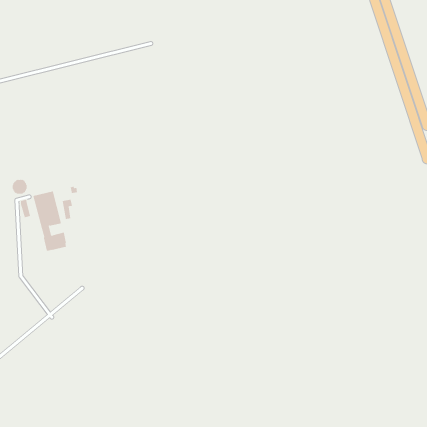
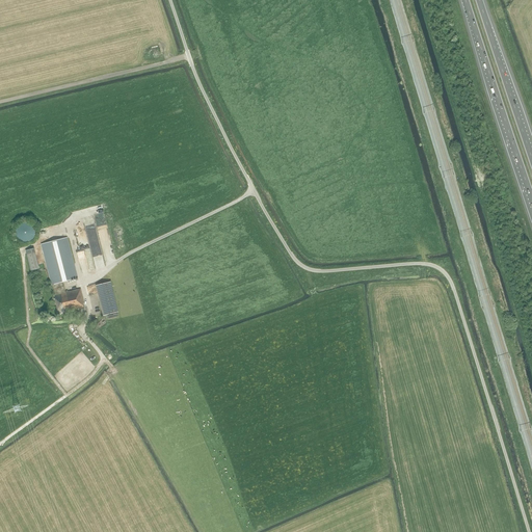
building: none -> [96,281,116,315]

